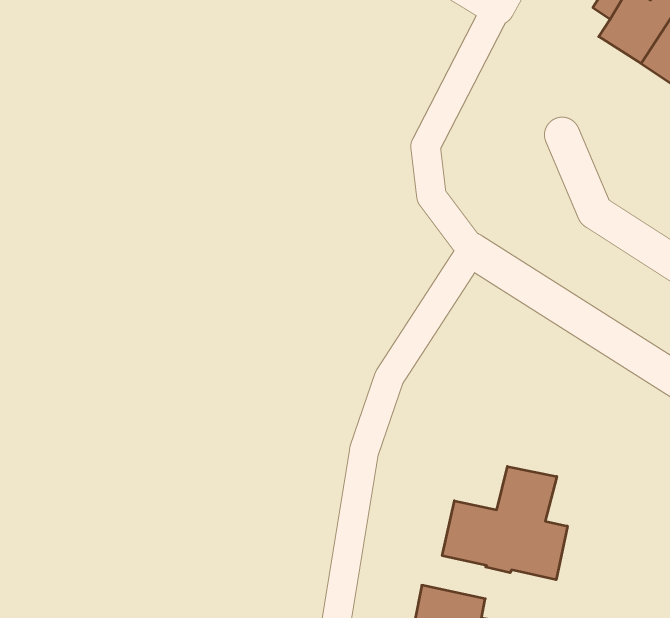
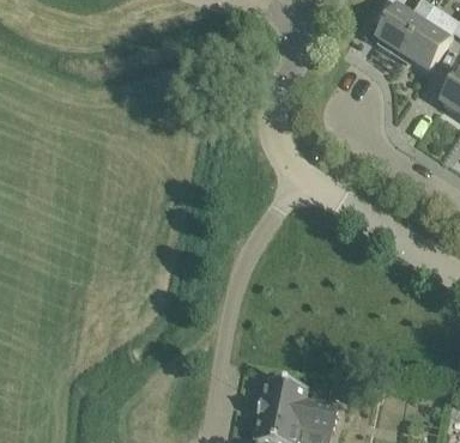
building: [442,466,567,580] -> none

